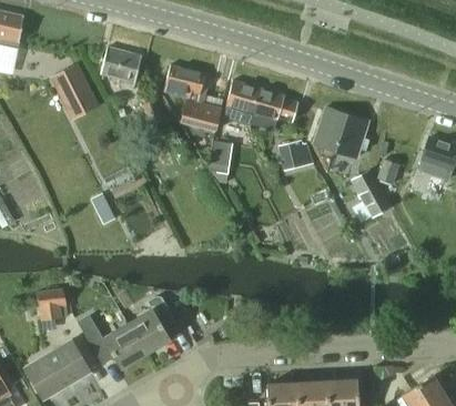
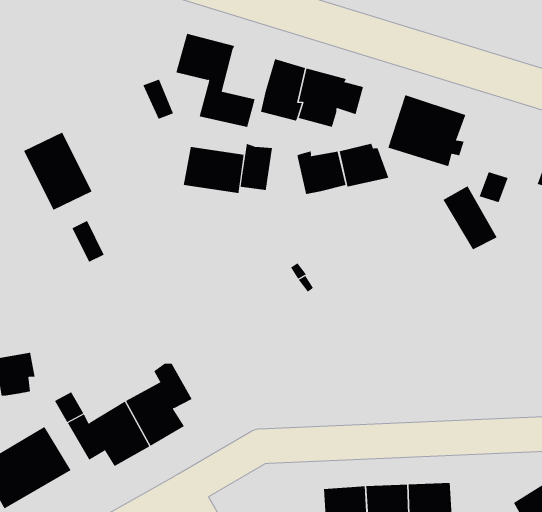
building: [100,48,141,88] -> none
building: [50,64,99,120] -> [23,132,92,210]
building: none -> [183,146,244,194]
building: none -> [297,151,346,195]

